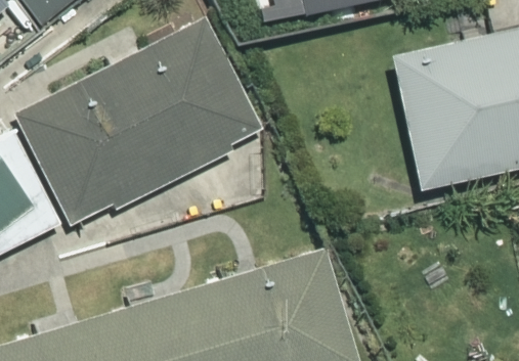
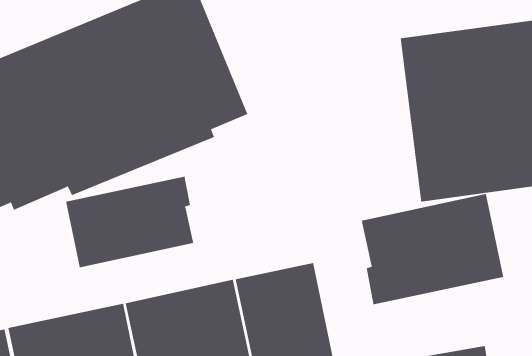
building: none -> [361,193,504,305]
building: none -> [65,176,194,268]

